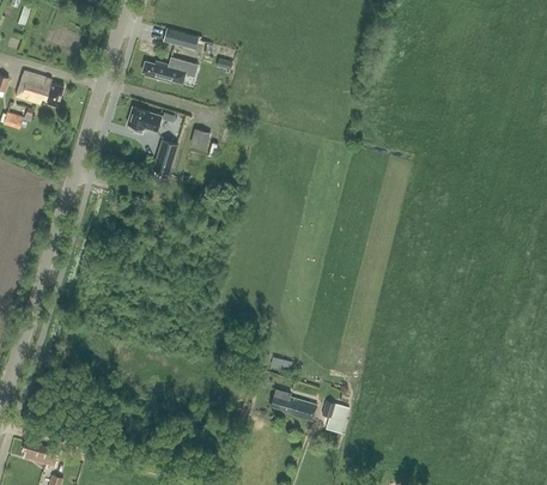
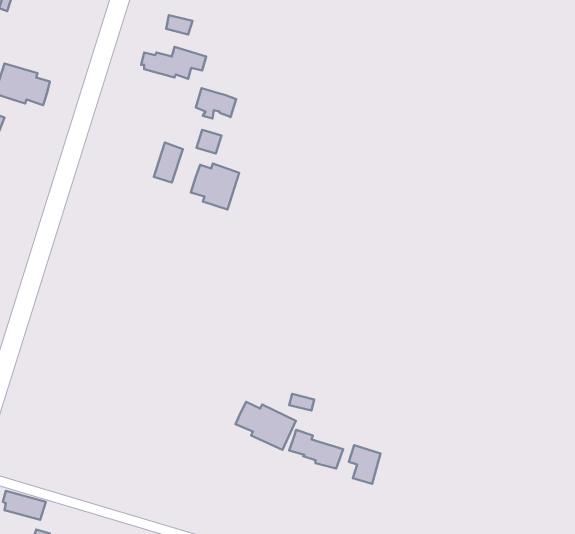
building: [128,107,163,133] -> [196,88,236,118]
building: none -> [191,163,239,210]
building: none -> [236,402,296,450]

